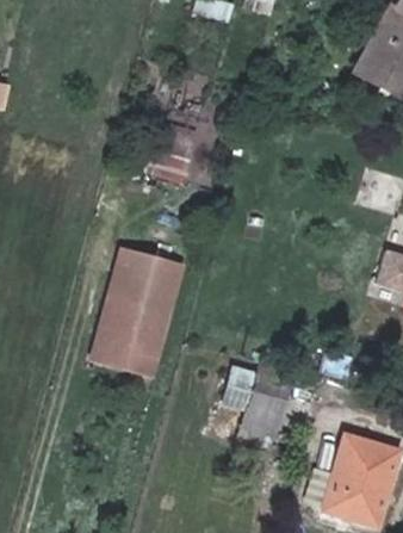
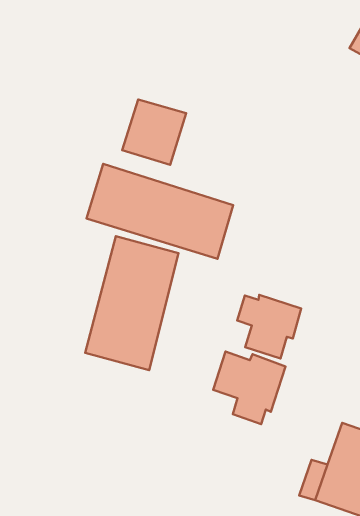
building: none -> [87,164,233,259]
building: none -> [237,295,301,359]

